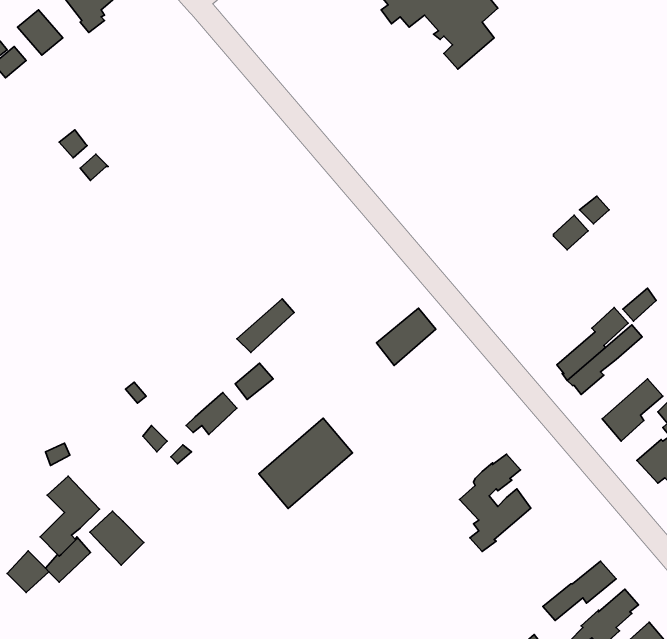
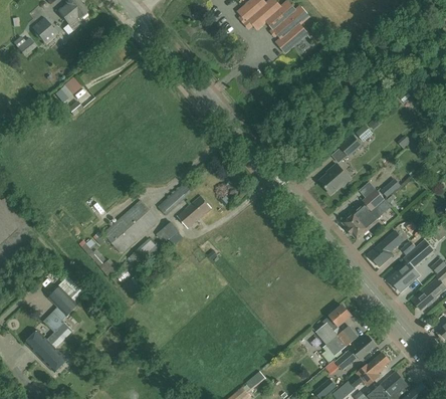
building: none -> [319,164,350,193]
building: [377,308,436,366] -> [177,196,211,229]
building: [259,418,353,509] -> [103,201,158,253]
building: [460,454,531,552] -> [315,306,357,362]
building: [90,511,144,565] -> [36,342,67,373]

